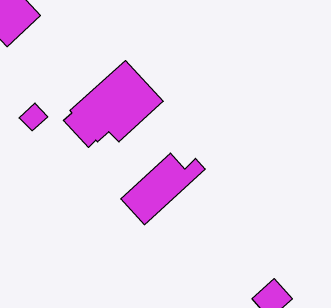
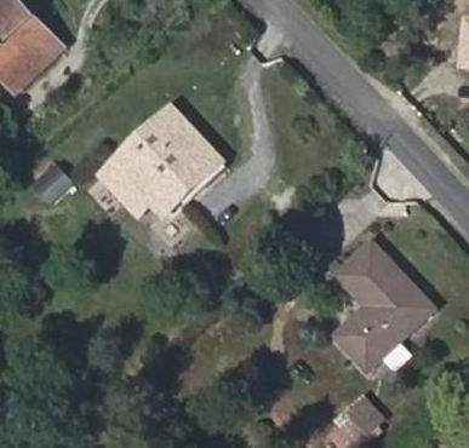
building: [121,153,205,225] -> none
building: none -> [337,243,433,369]

